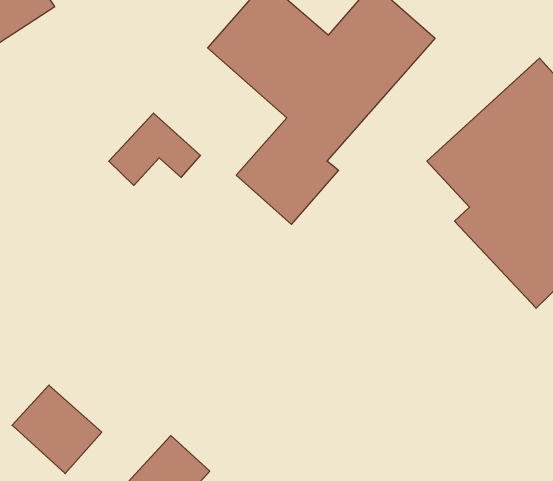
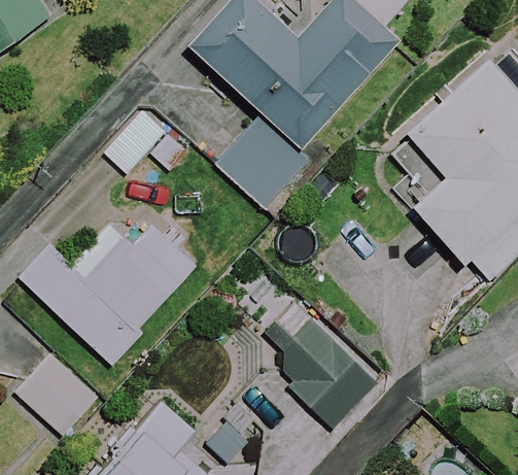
building: none -> [20,224,195,359]
building: none -> [256,297,379,430]

